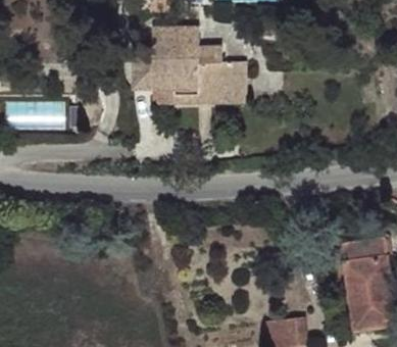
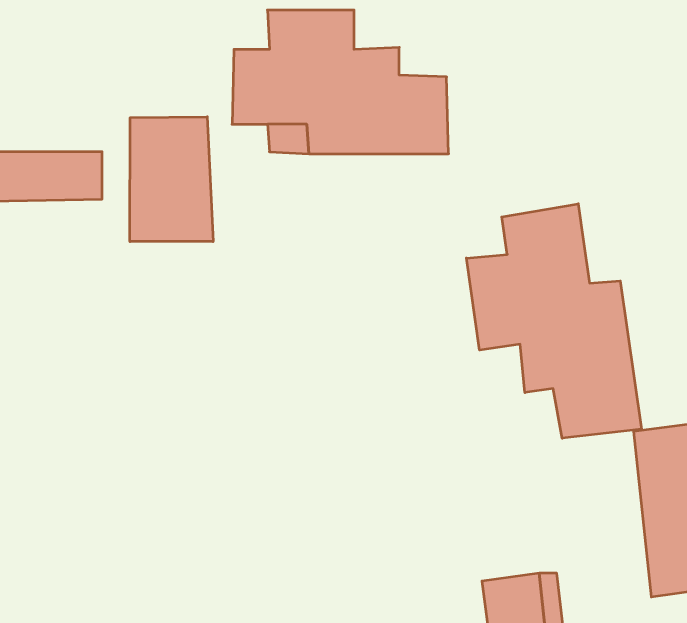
building: none -> [130,117,213,242]
building: none -> [466,204,641,438]

